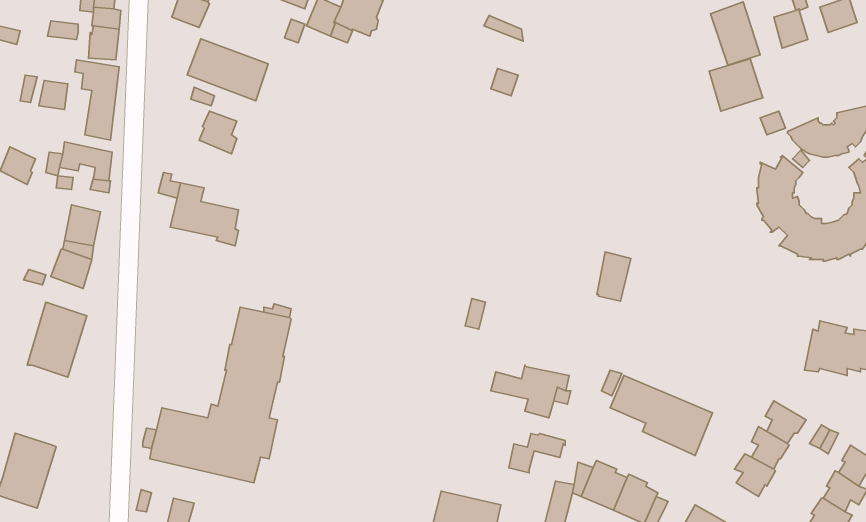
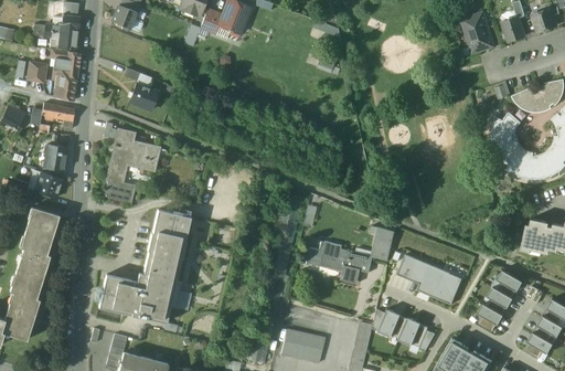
building: [187,39,268,101] -> none
building: [709,59,763,111] -> none
building: none -> [104,158,135,202]
building: [597,252,631,301] -> [372,227,394,259]
building: none -> [9,247,49,299]
building: [509,434,565,473] -> [306,241,342,266]

